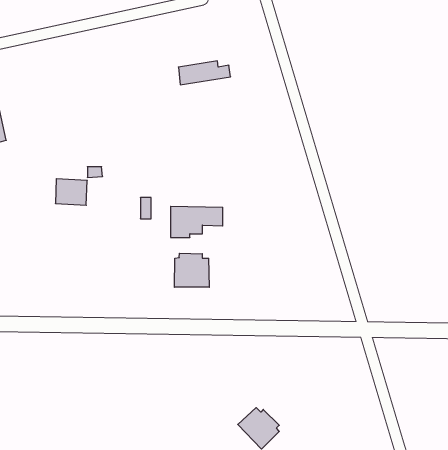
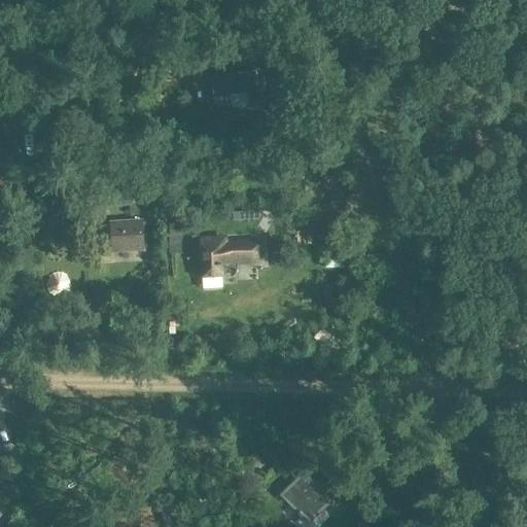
building: [55,179,87,205] -> [112,217,149,248]
building: [174,253,209,287] -> none

